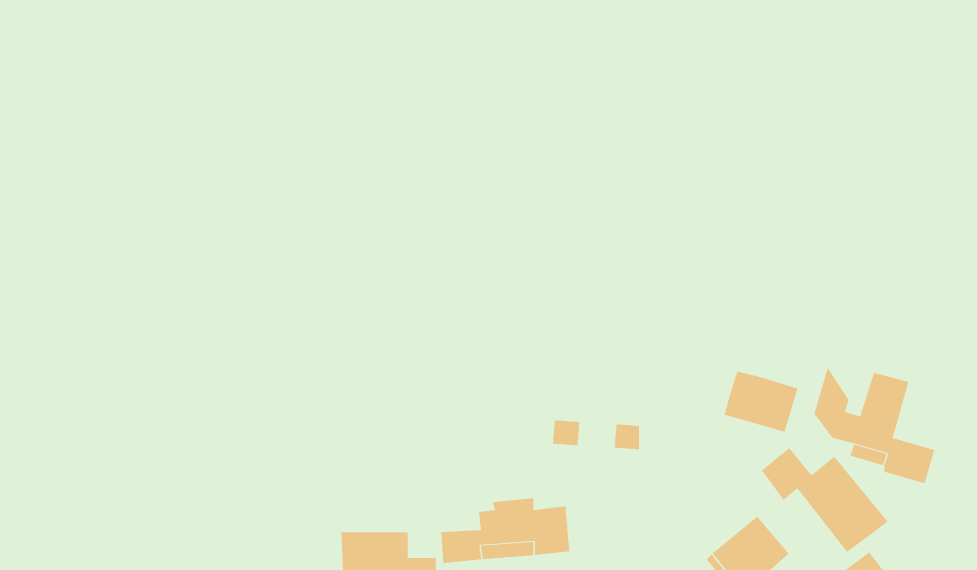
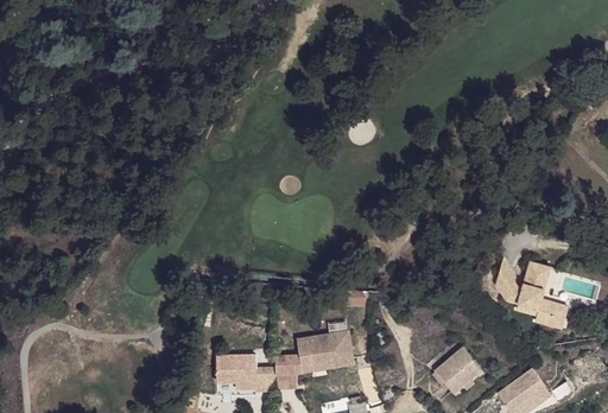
building: [724,371,798,433] -> none
building: [761,447,889,553] -> none

